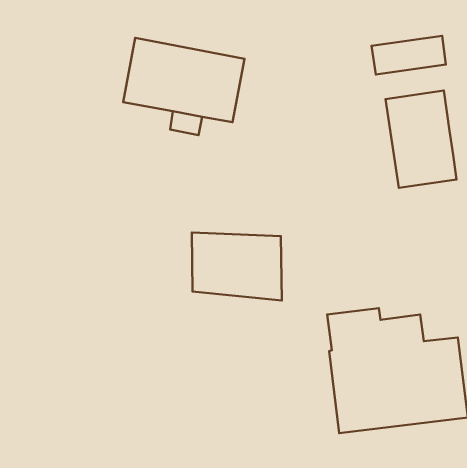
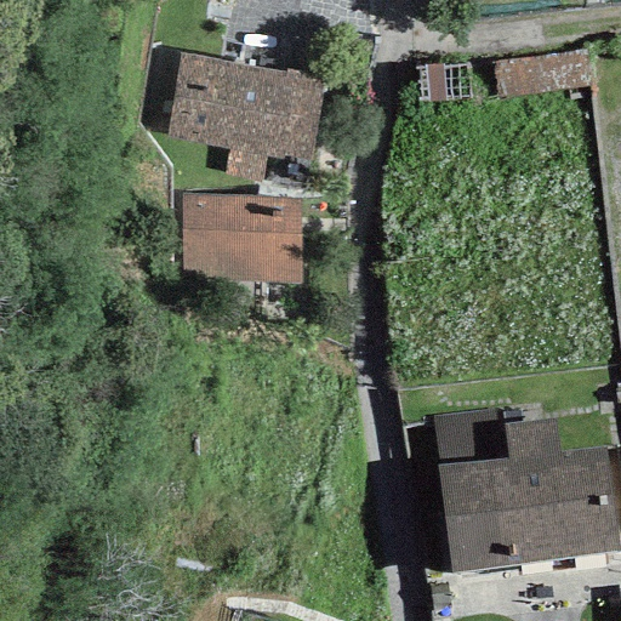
building: [385,91,457,188] -> none
building: [192,233,282,301] -> [184,194,303,284]

